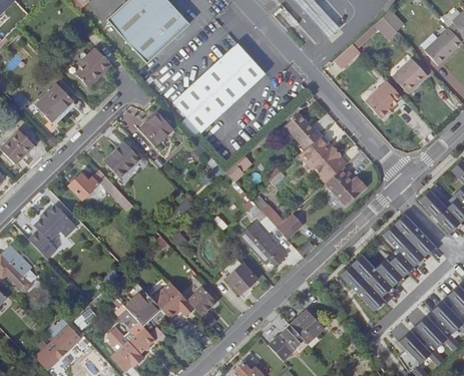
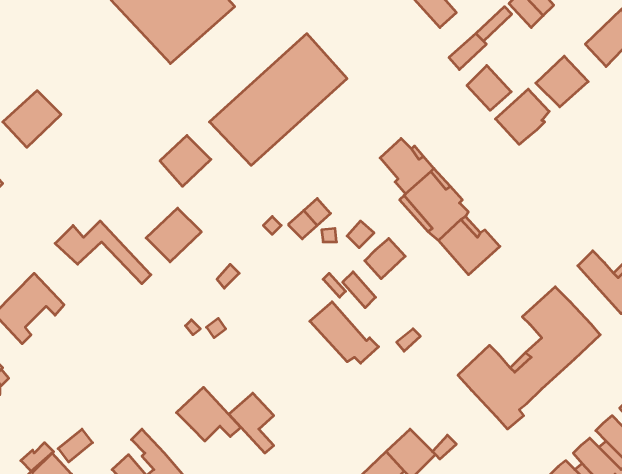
building: [77,45,111,84] -> none
building: none -> [467,65,511,110]
building: [104,141,141,177] -> [146,208,201,262]
building: [278,212,305,239] -> [365,238,405,279]
building: [218,257,257,299] -> none
building: [125,288,161,324] -> none

